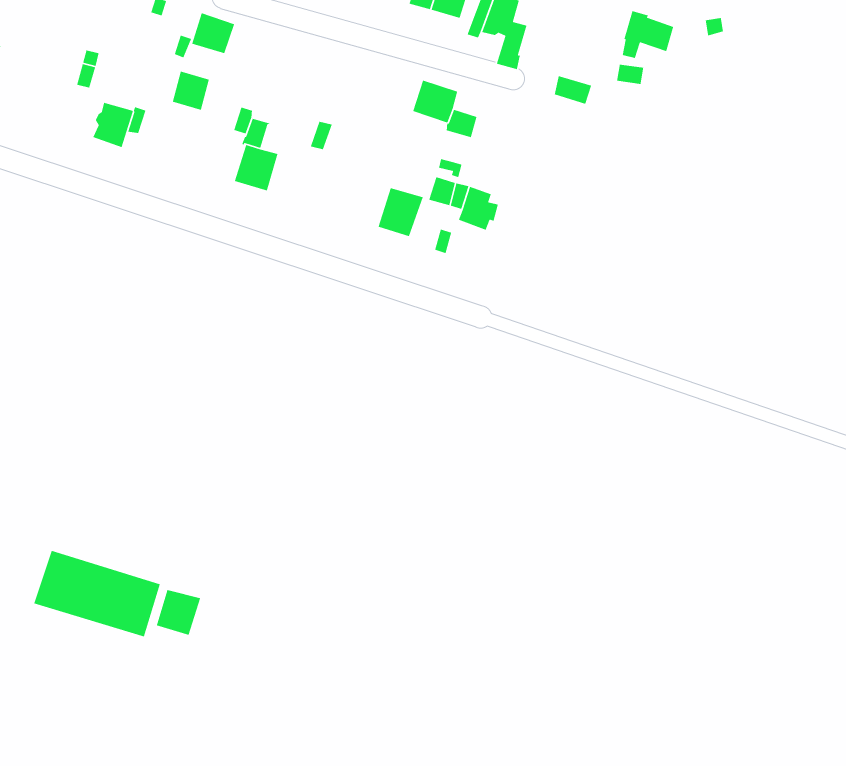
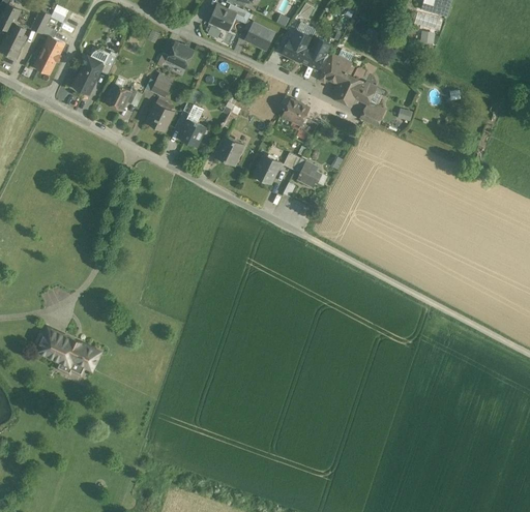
building: [622,10,674,59] -> [343,78,374,104]
building: none -> [72,56,98,94]
building: none -> [146,102,173,131]
building: none -> [215,135,244,164]
building: [156,589,201,636] -> none

